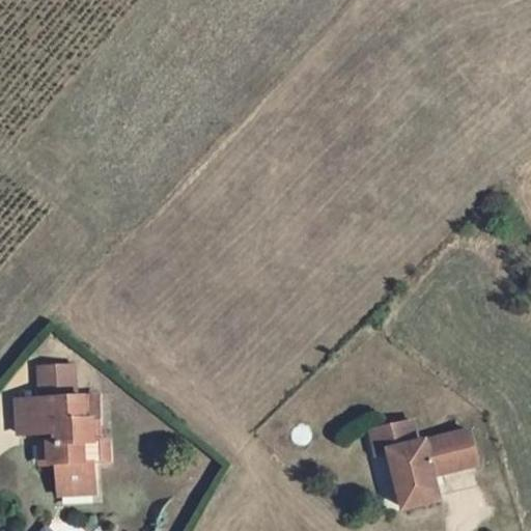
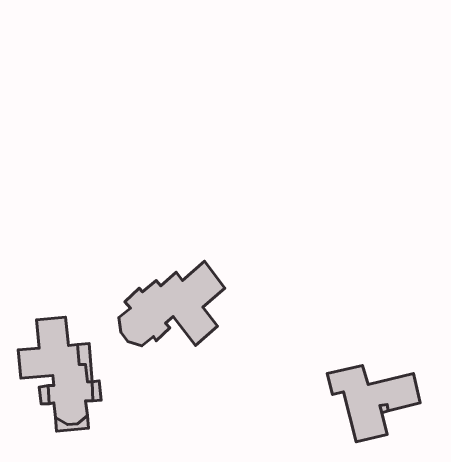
building: none -> [119,261,225,346]

